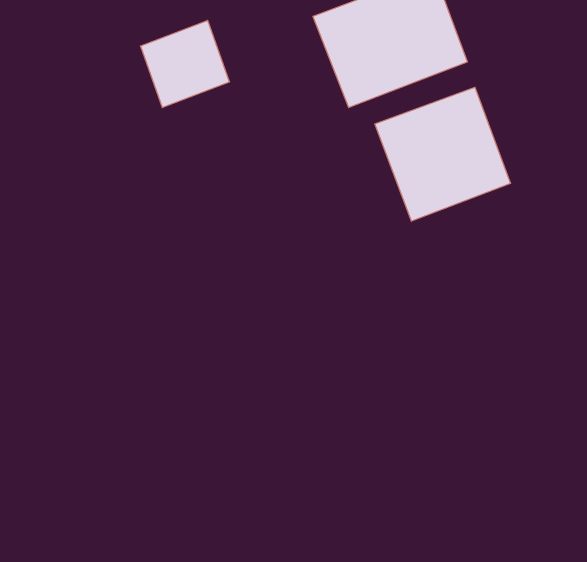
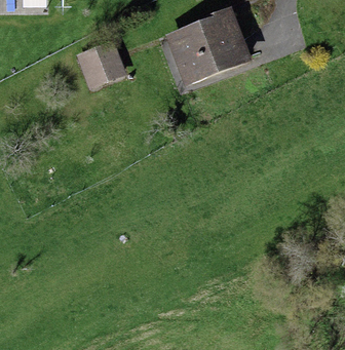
building: [375,87,510,221] -> none

